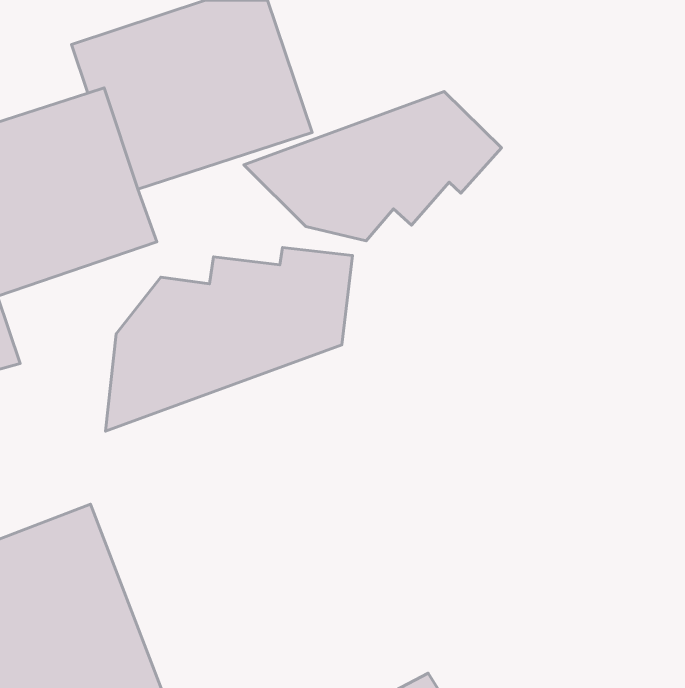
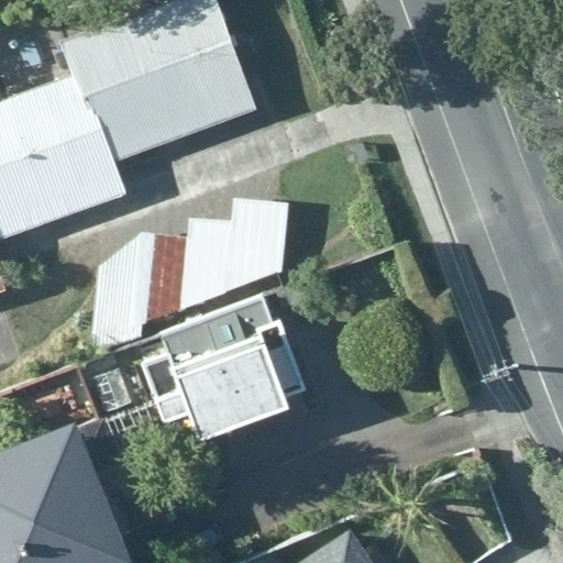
building: [244,92,501,241] -> none
building: none -> [128,297,310,452]

